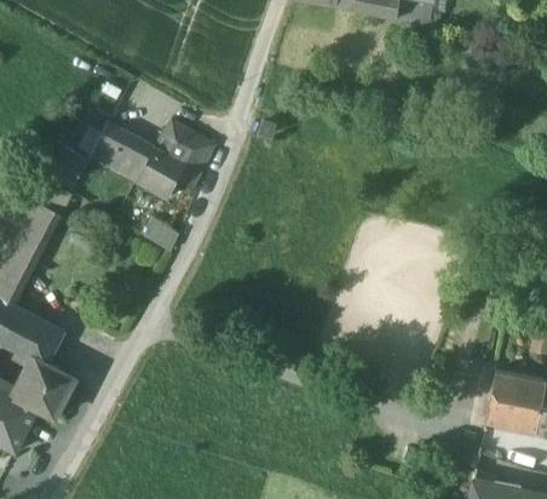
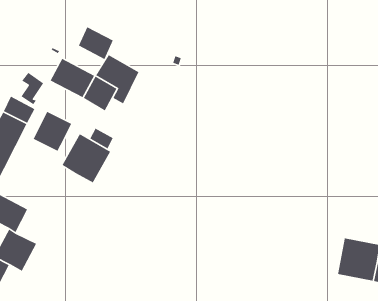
building: none -> [78,26,114,60]
building: none -> [32,111,72,152]
building: none -> [61,133,111,183]

